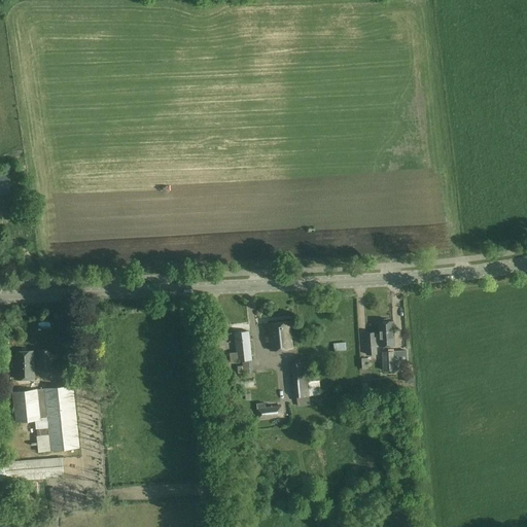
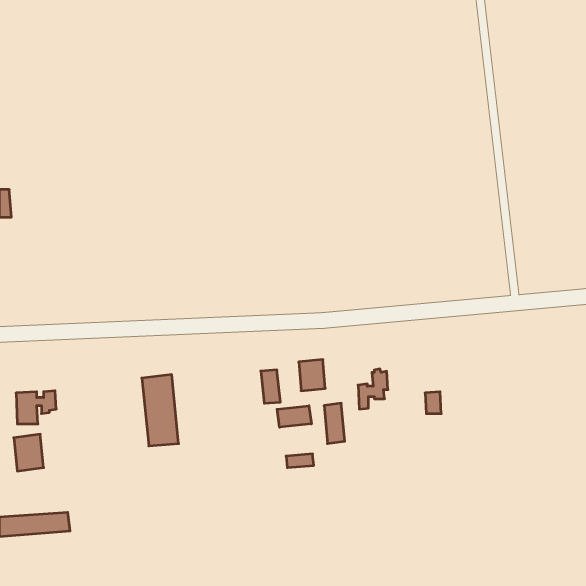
building: [365,320,392,356] -> [358,369,388,409]
building: none -> [277,406,311,427]
building: [44,387,77,451] -> [142,375,179,446]

